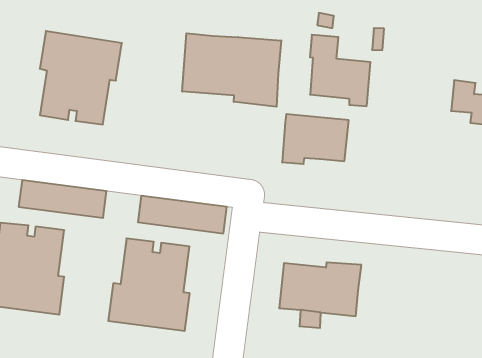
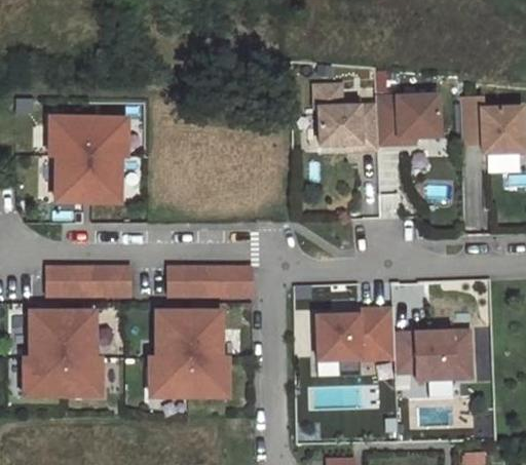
building: [182,33,281,107] -> none
building: [282,114,349,164] -> [376,94,440,145]
building: none -> [393,330,472,380]

